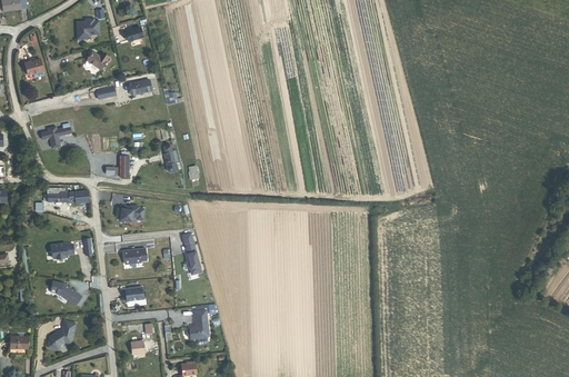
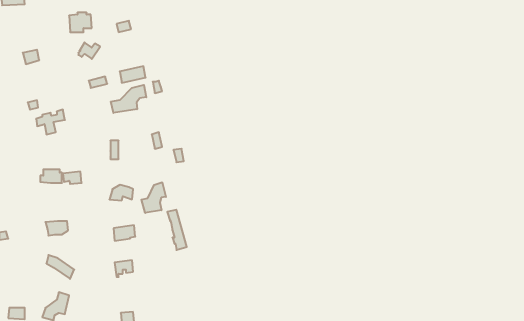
building: none -> [111,85,146,113]
building: none -> [141,182,166,213]
building: [186,309,208,338] -> none

